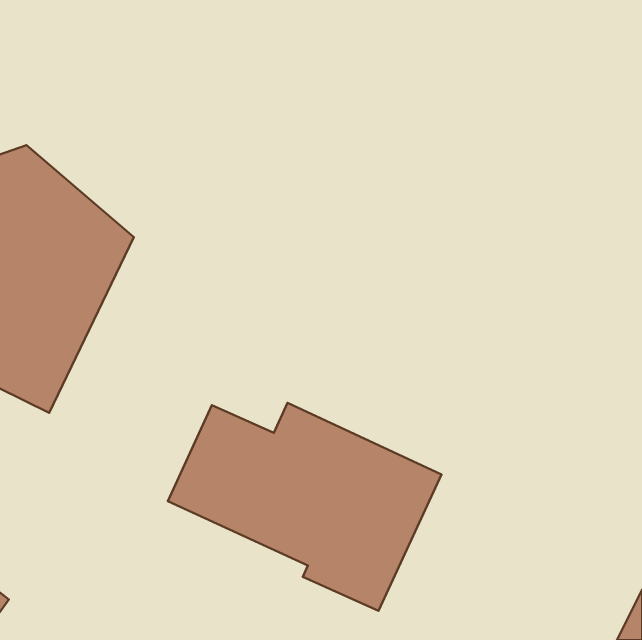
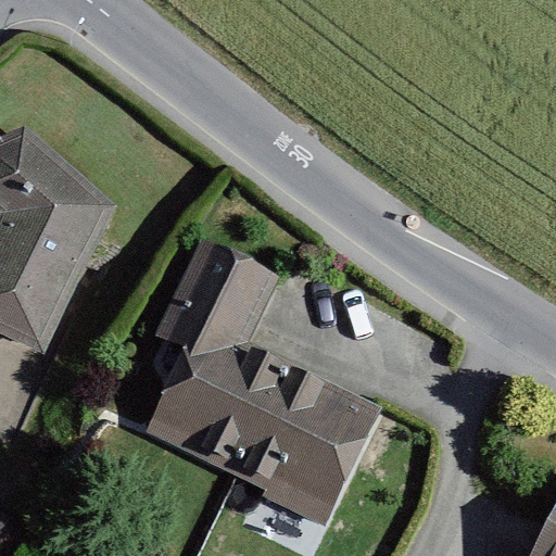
building: none -> [153,238,280,372]

